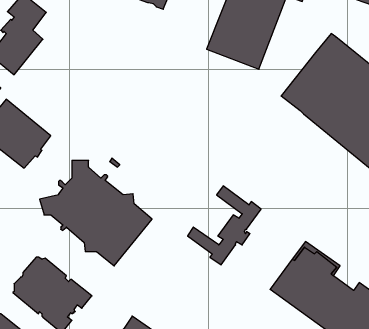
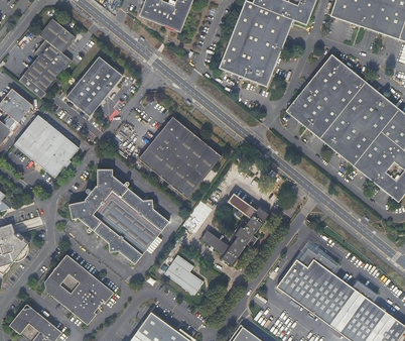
building: none -> [65,54,122,116]
building: none -> [138,120,222,199]
building: none -> [164,254,204,295]

